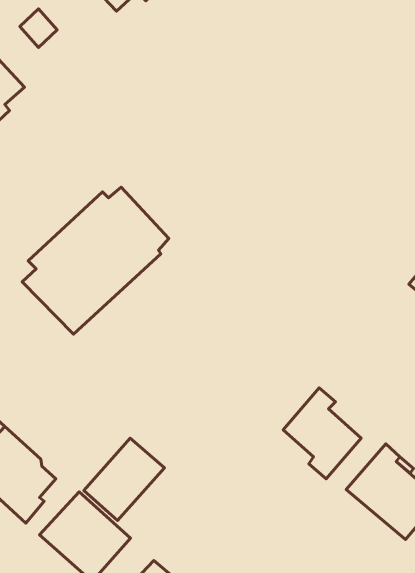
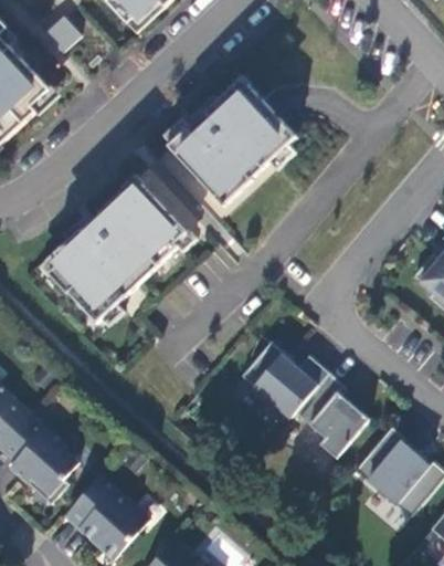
building: none -> [167,84,296,207]
building: none -> [240,342,328,419]
building: [84,438,165,521] -> none

